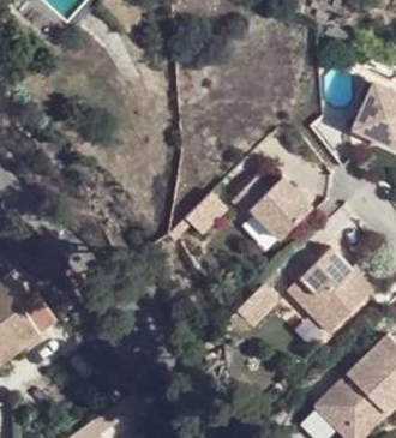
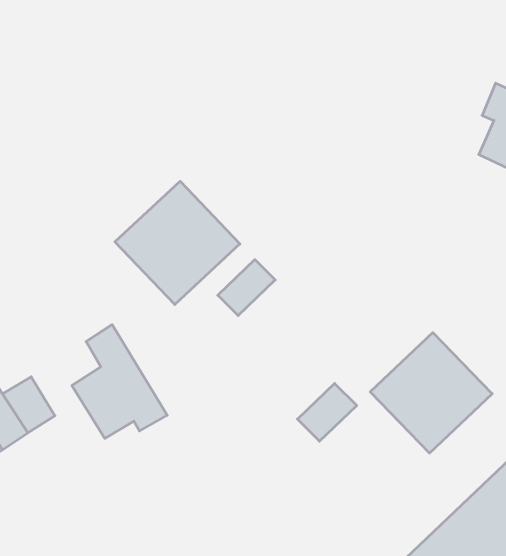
building: none -> [115,181,240,305]
building: [227,184,306,245] -> none
building: none -> [72,325,167,438]

